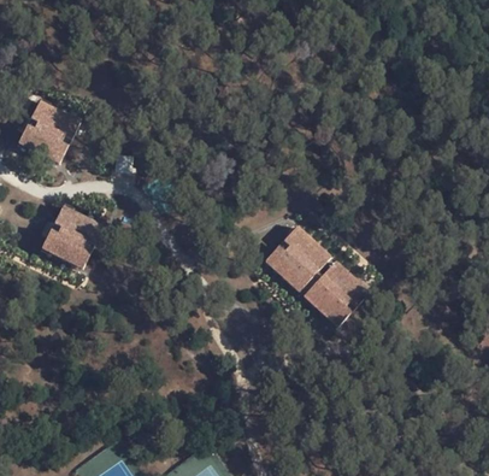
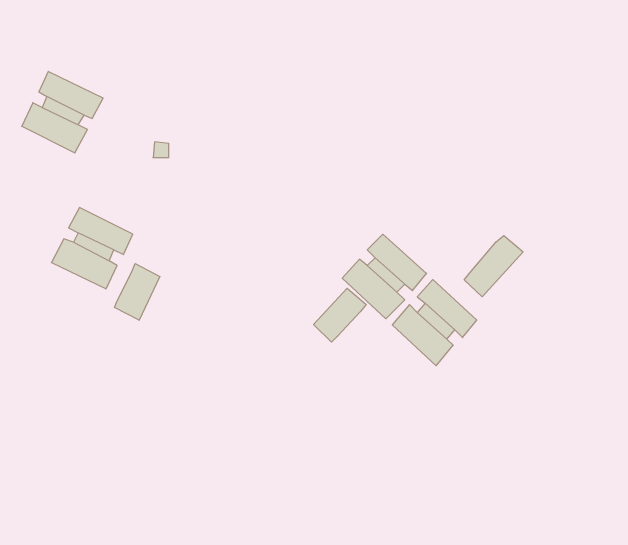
building: none -> [464,236,523,297]
building: none -> [114,264,160,320]
building: none -> [314,288,366,342]

